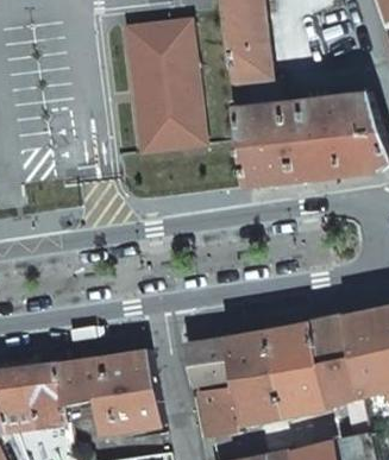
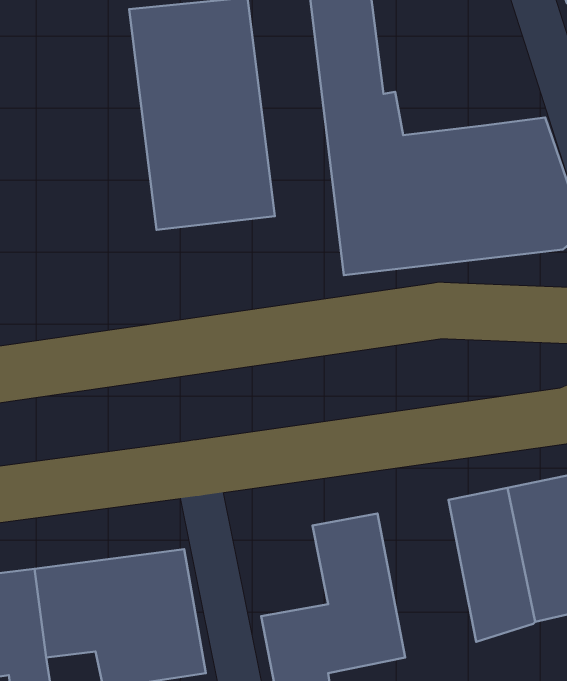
building: [268,321,327,416] -> none
building: [186,336,237,385] -> none

